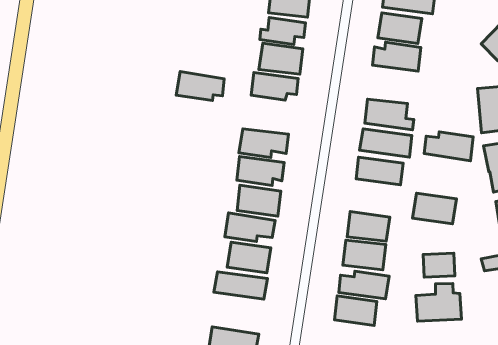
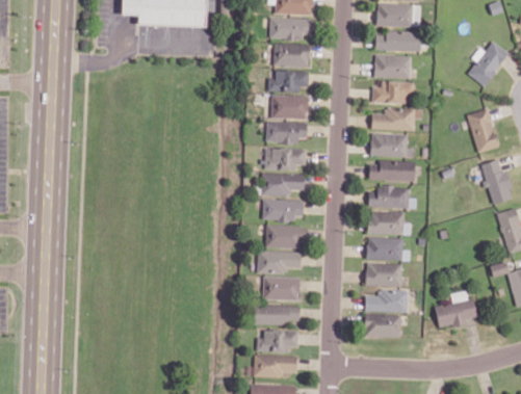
building: [176,71,224,101] -> [264,148,306,170]
building: [424,132,473,161] -> [372,108,415,131]
building: [413,193,456,224] -> [367,211,405,235]
building: [423,253,455,277] -> none
building: none -> [257,330,297,352]

